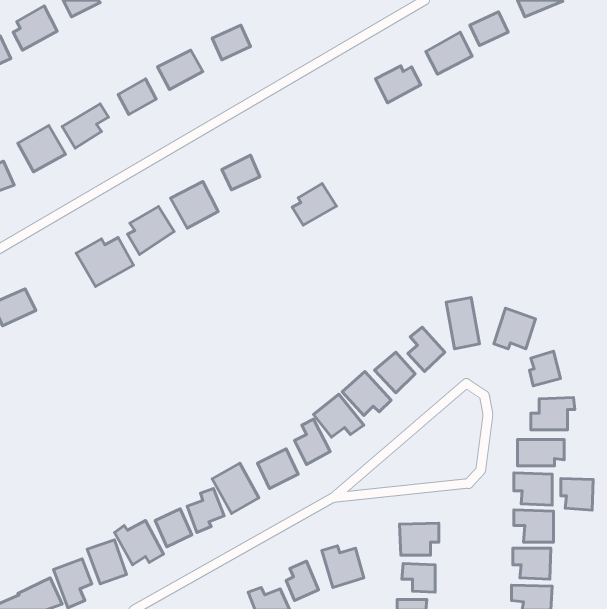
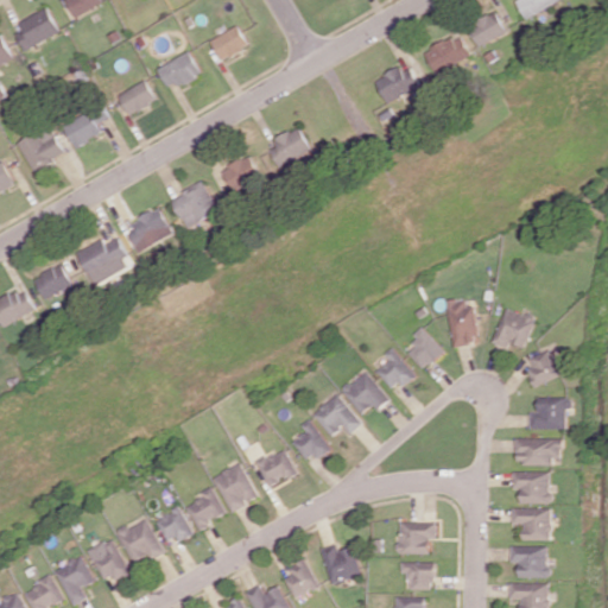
building: [292,183,336,225] -> [267,126,311,167]
building: none -> [33,264,72,300]
building: [561,479,593,510] -> none

